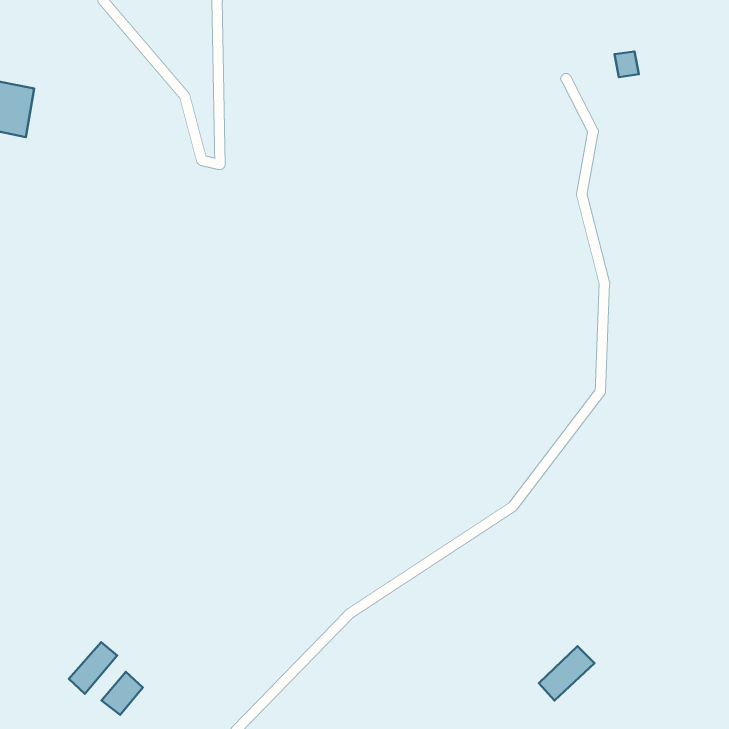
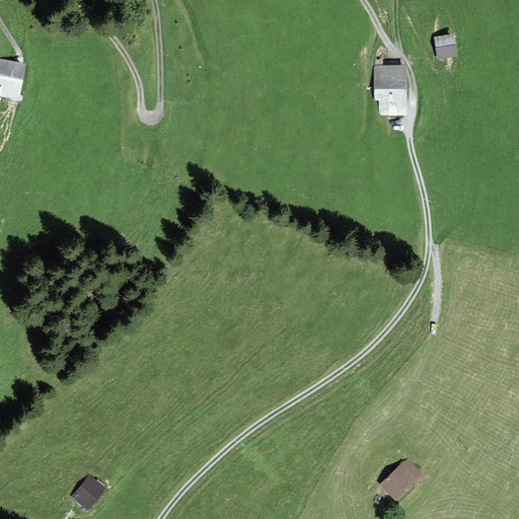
building: none -> [374,62,401,114]
building: [69,642,117,694] -> none

